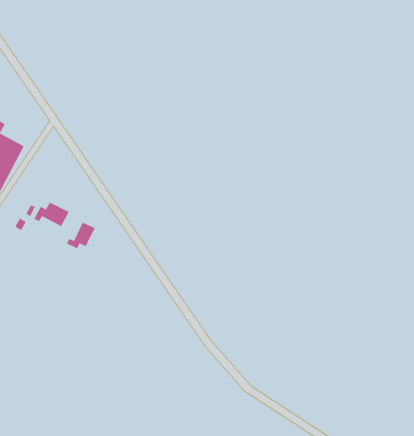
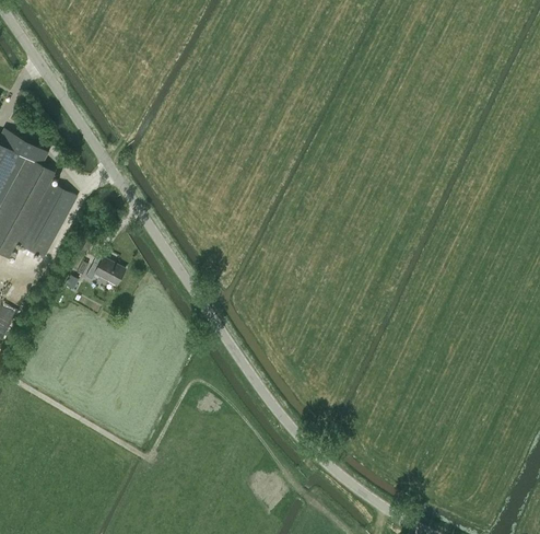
building: [66,222,95,249] -> none

